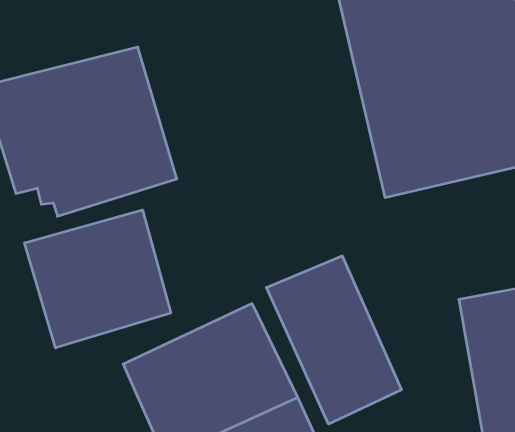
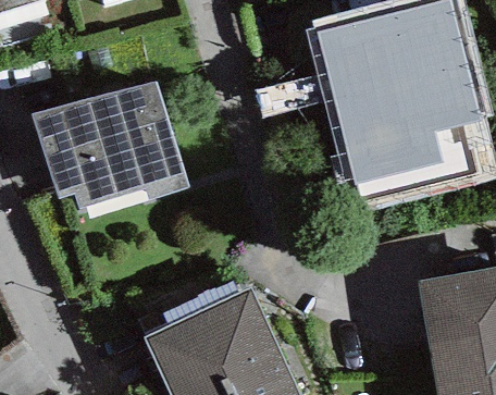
building: [25,210,171,348] -> none
building: [266,256,402,424] -> none

